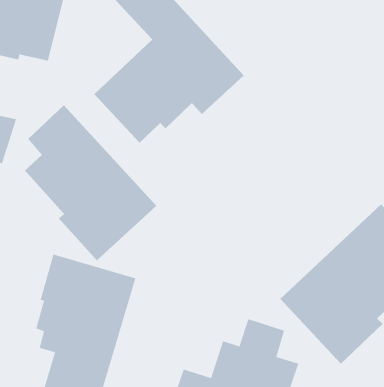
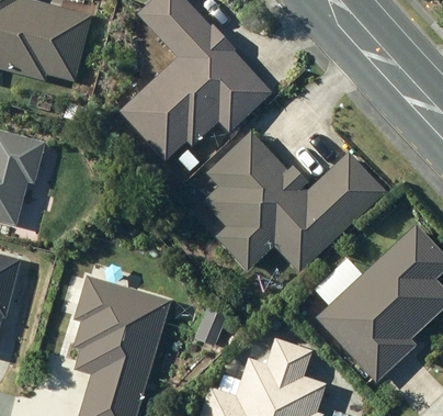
building: [24,105,157,261] -> none
building: none -> [211,137,382,265]

